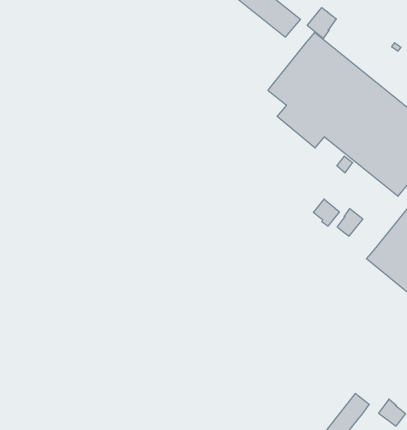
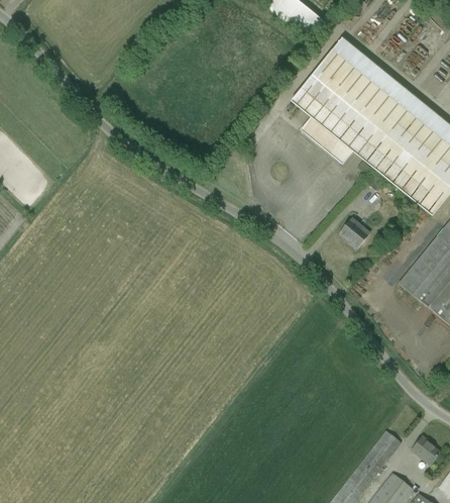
building: [307,8,336,39] -> none
building: [337,209,363,236] -> none

